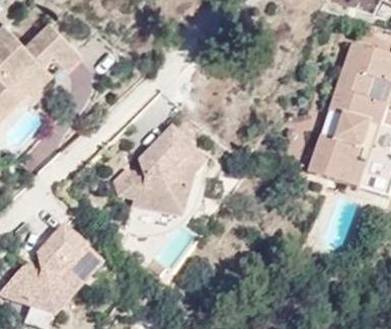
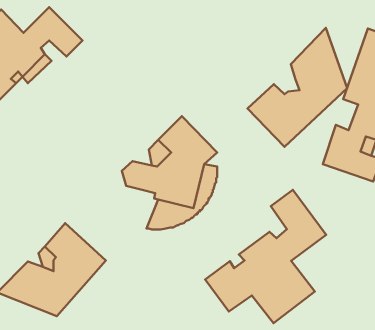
building: none -> [247,28,347,147]
building: none -> [205,190,326,323]

